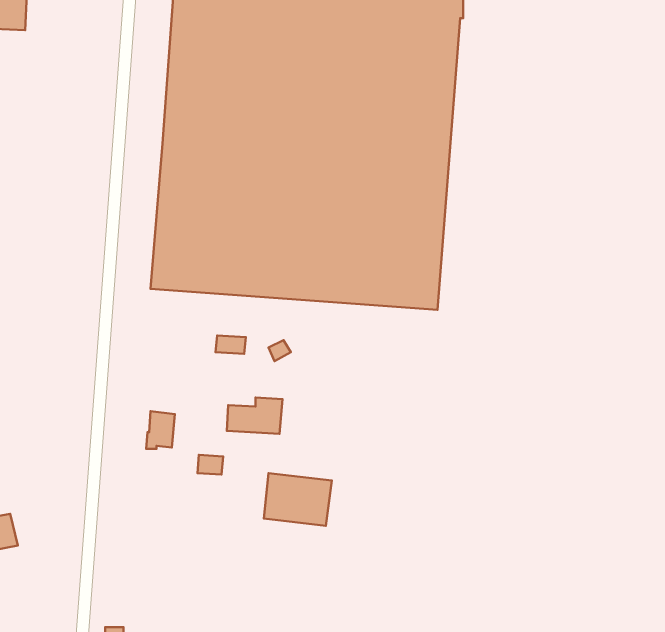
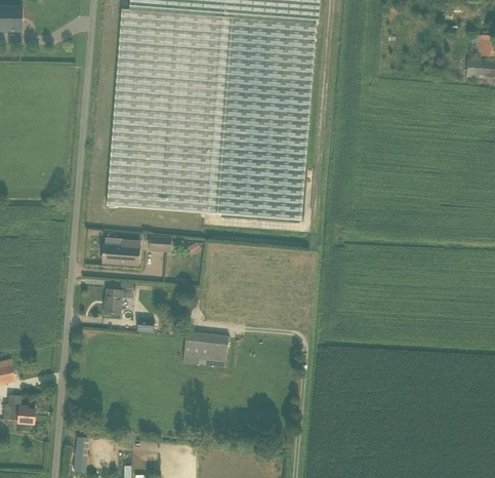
building: [227,398,283,434] -> [101,239,139,264]
building: none -> [10,403,35,430]

